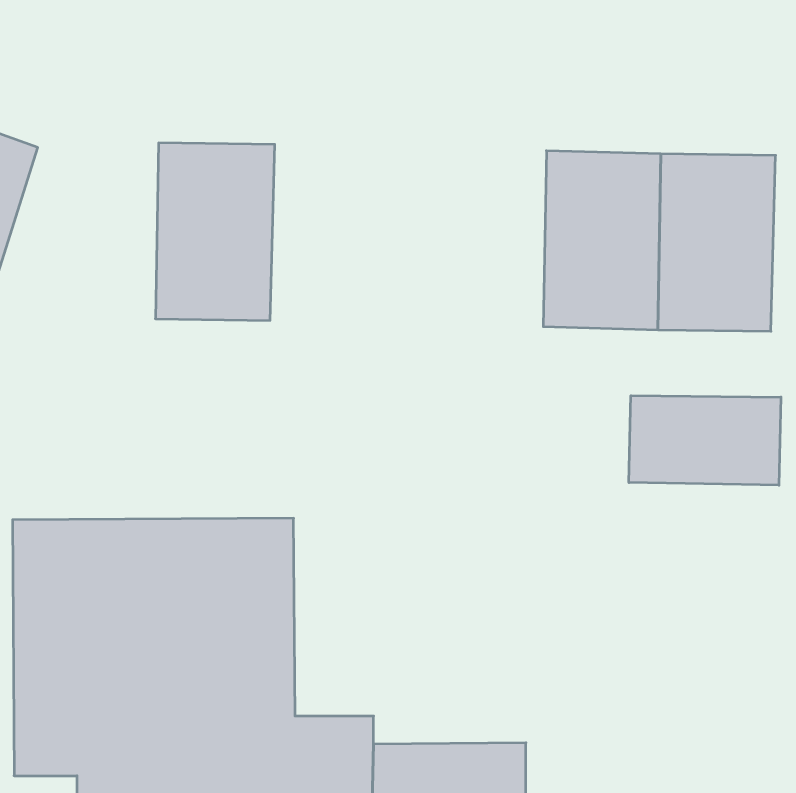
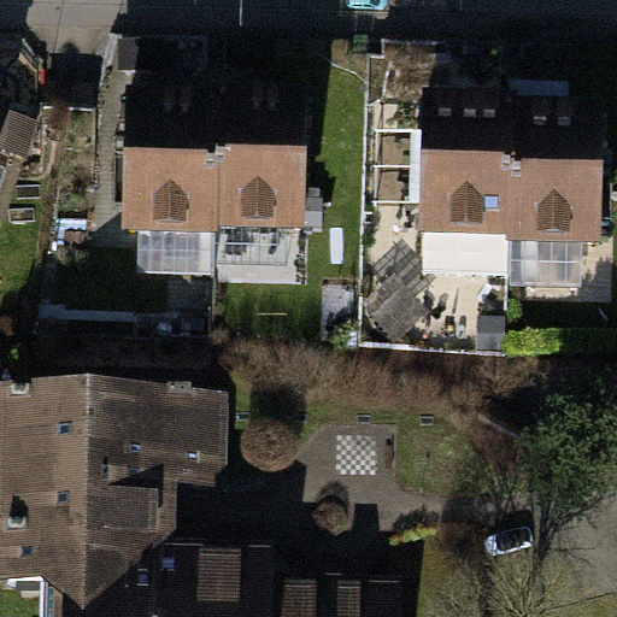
building: none -> [207,118,299,255]
building: [629,396,781,485] -> none

